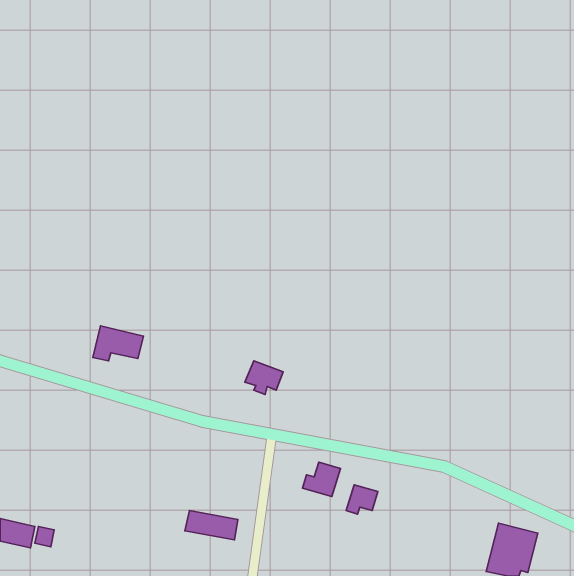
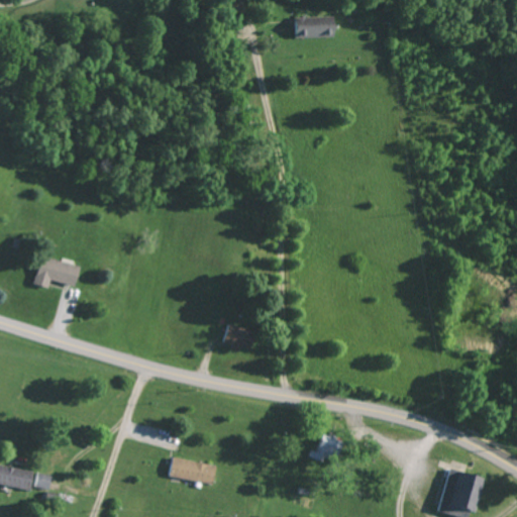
building: none -> [294,16,334,37]
building: [93,326,143,361] -> [33,256,79,288]
building: [303,462,340,496] -> none

